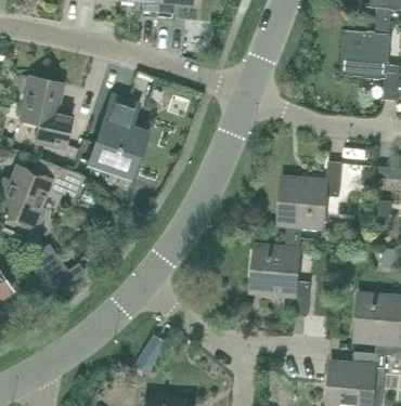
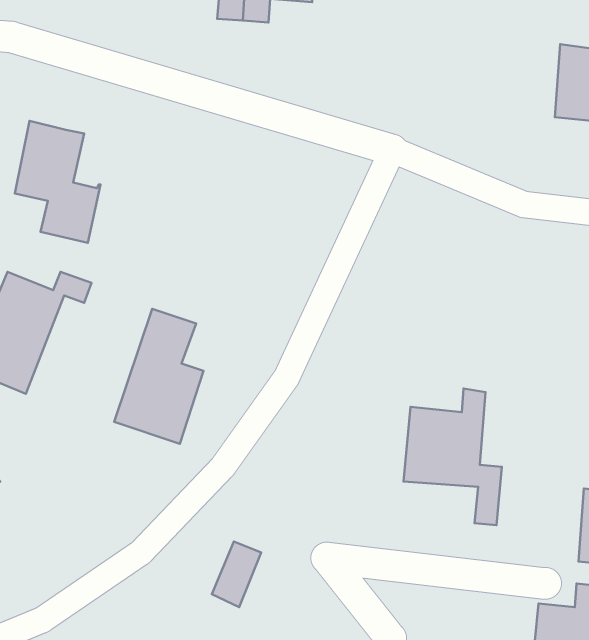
building: [90,95,143,175] -> [114,309,203,444]
building: [280,160,341,236] -> none

